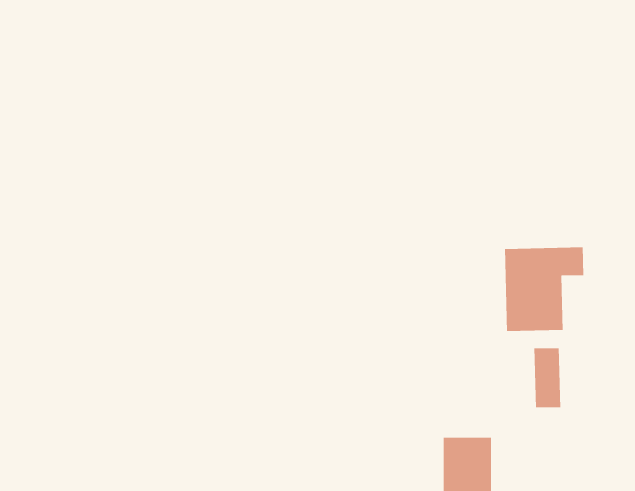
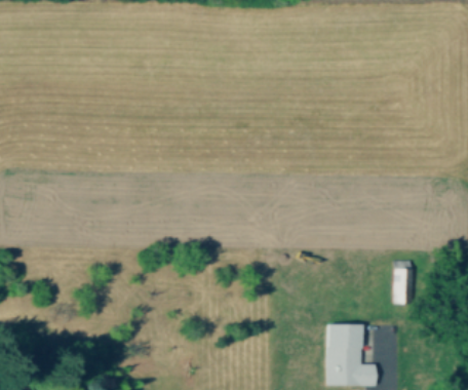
building: [504,247,584,332] -> none

